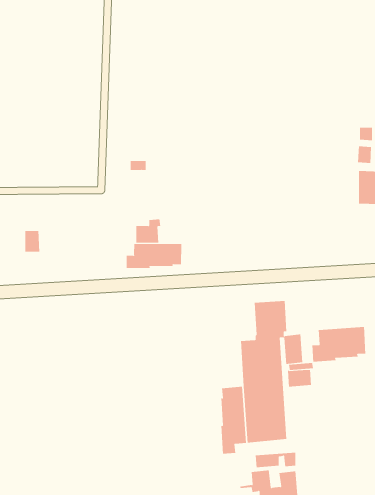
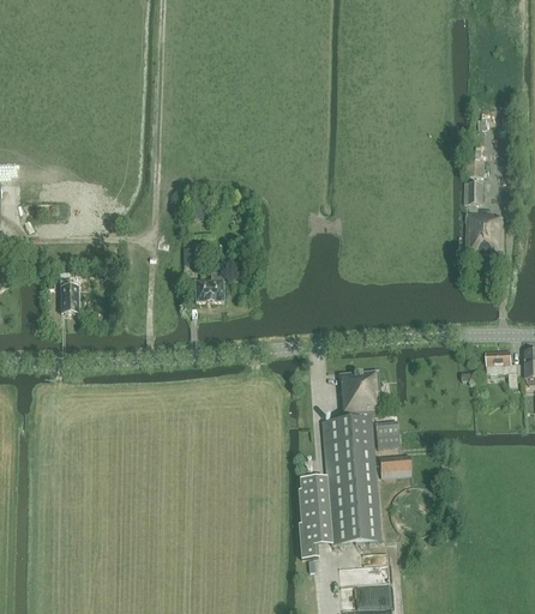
building: [126,243,182,269] -> none
building: [312,326,366,362] -> none

